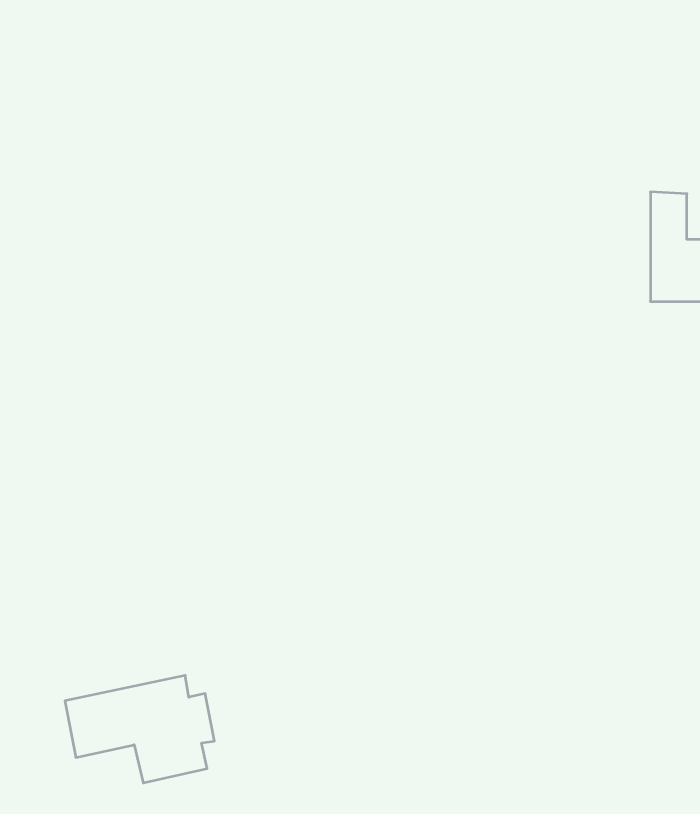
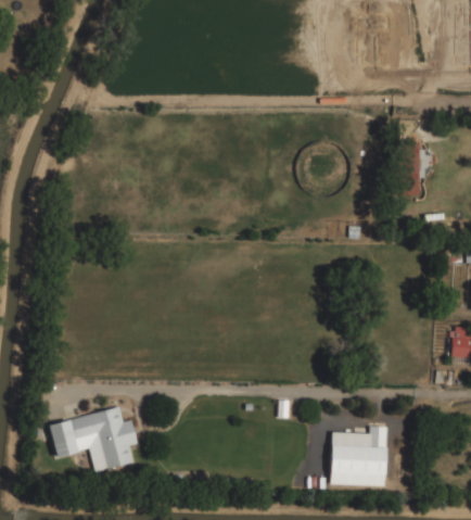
building: none -> [331,427,387,486]

